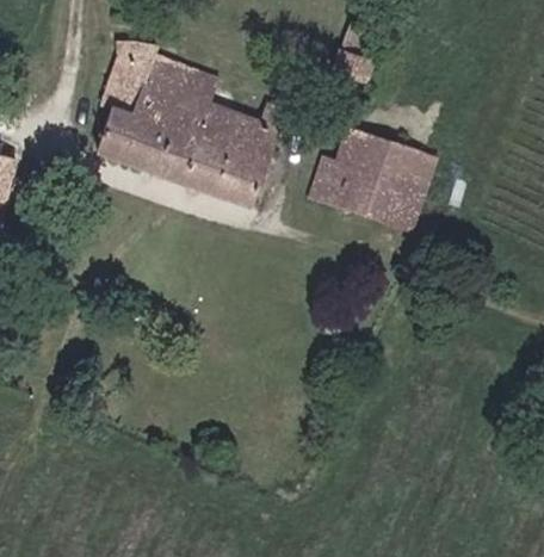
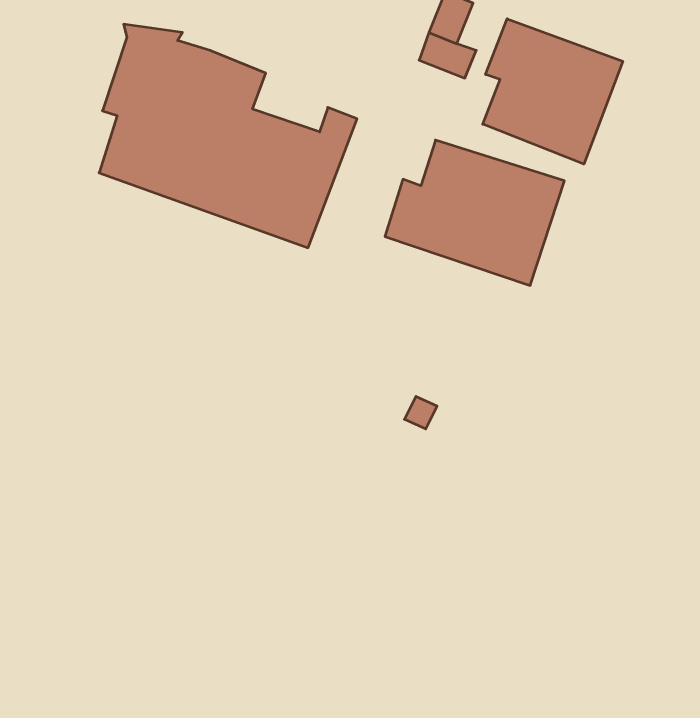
building: none -> [483,19,623,164]

